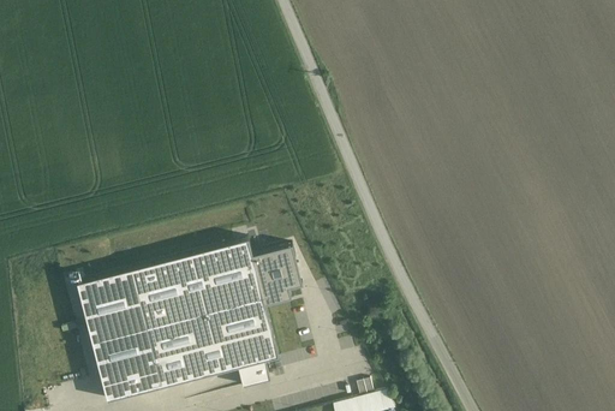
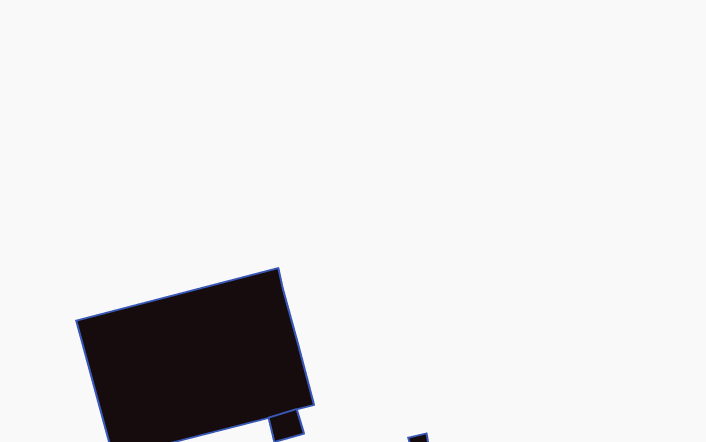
building: [250,248,300,306] -> none

